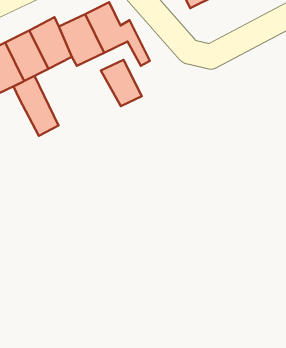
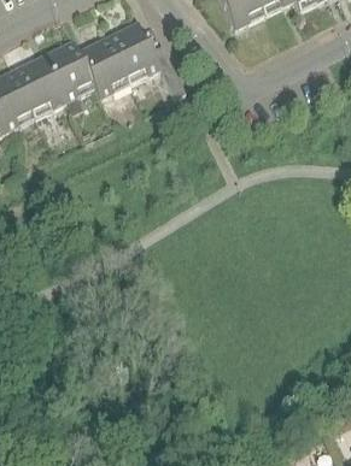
building: [101,60,142,106] -> none
building: [14,76,59,136] -> none

